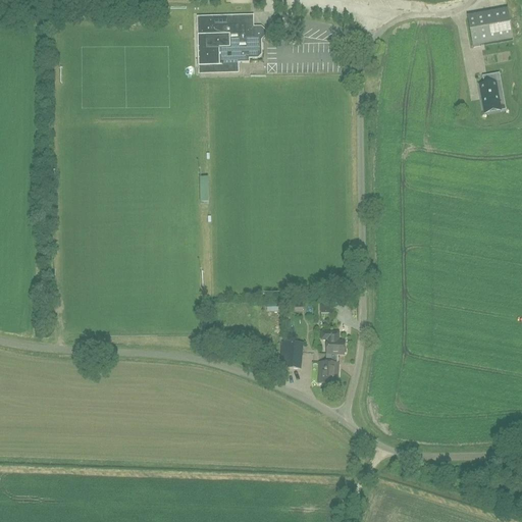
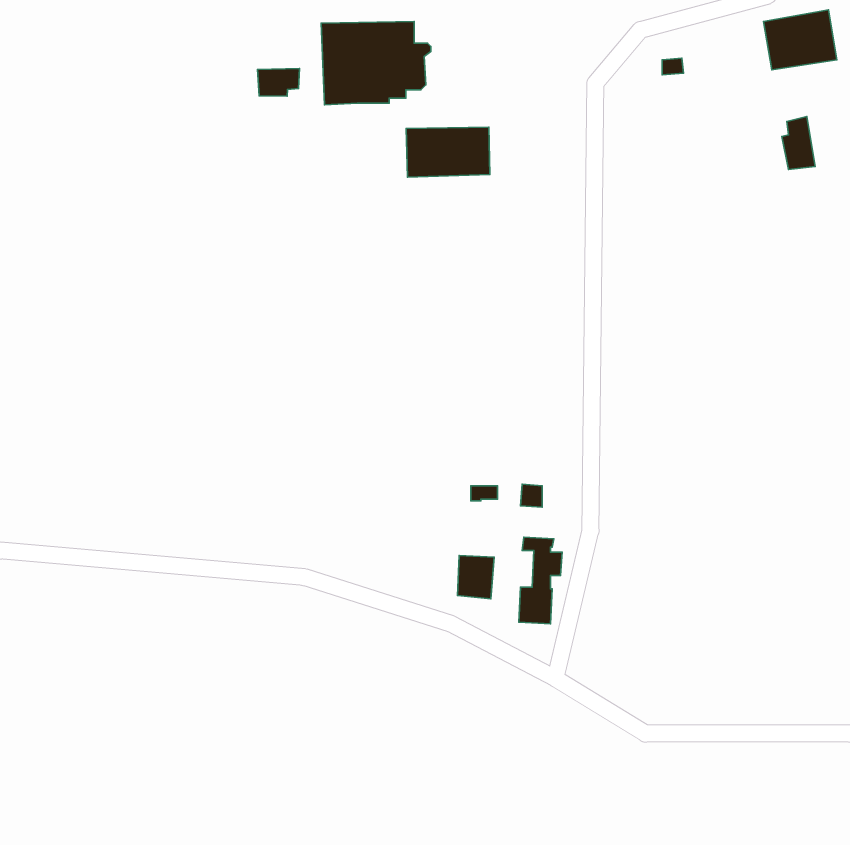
building: none -> [258,69,299,96]
building: none -> [406,127,490,177]

